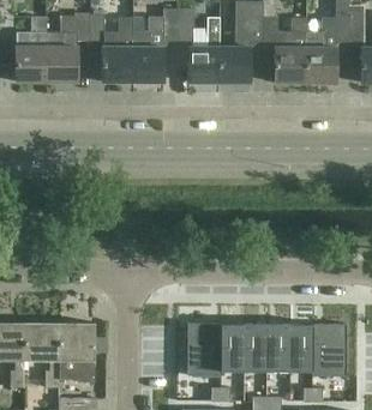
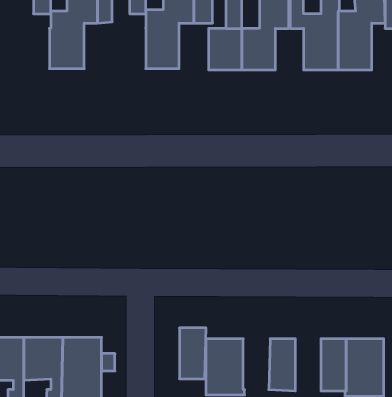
building: [17,44,47,82] -> none
building: [103,46,133,82] -> none
building: [221,324,245,369] -> [179,328,206,379]
building: [268,324,290,370] -> none

